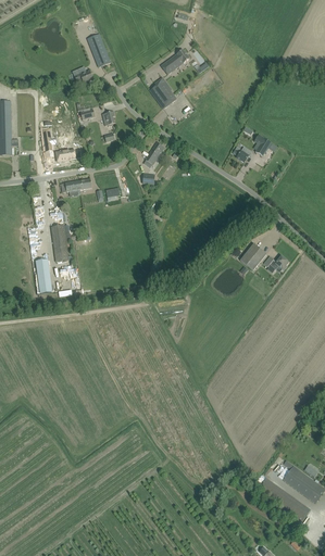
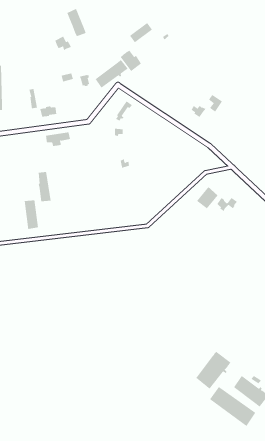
building: none -> [95,59,128,89]
building: none -> [195,351,231,390]

